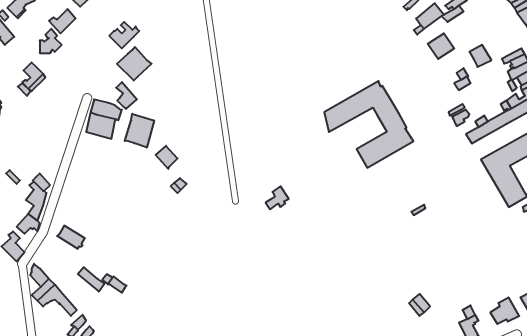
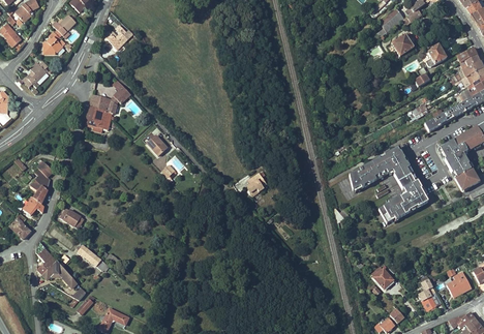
building: [117,47,152,81] -> none
building: [324,81,413,168] -> [349,147,428,224]
building: [125,114,154,148] -> none

